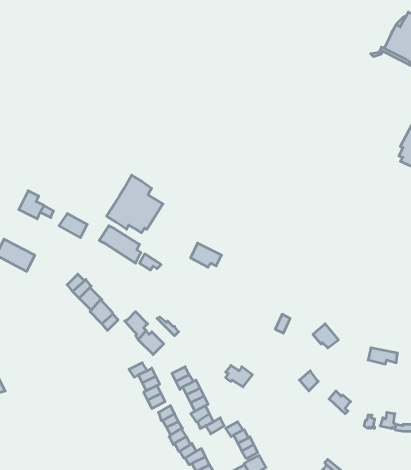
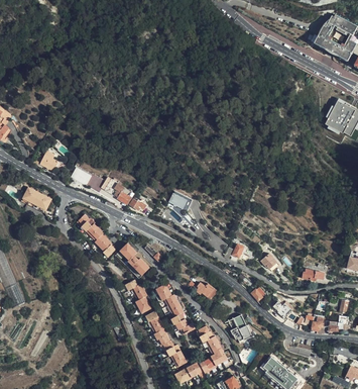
building: [107,175,163,233] -> none
building: none -> [228,314,253,342]

